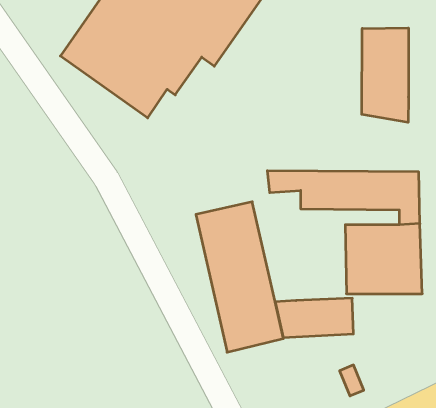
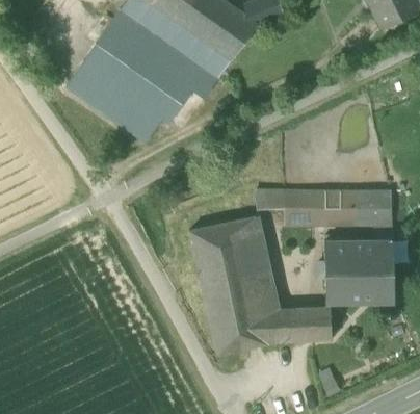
building: [362,28,408,122] -> none
building: none -> [240,213,280,309]

